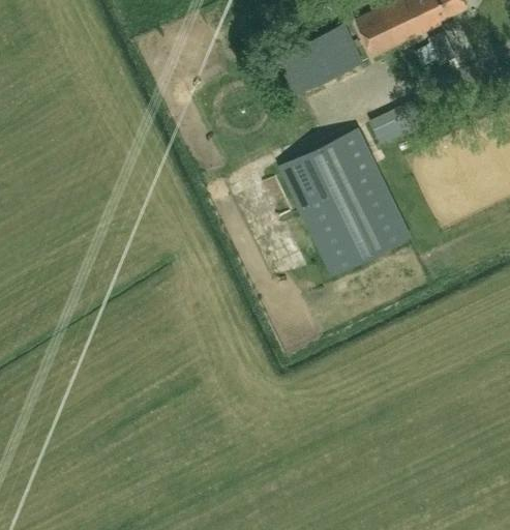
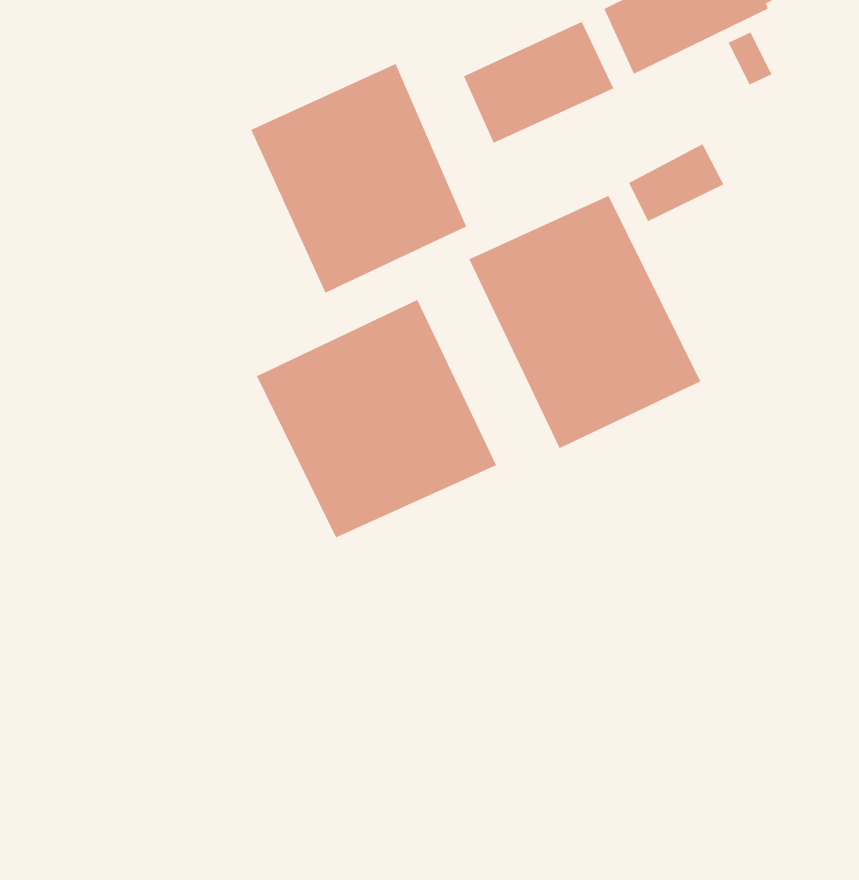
building: none -> [250,63,467,294]
building: none -> [256,299,497,538]

